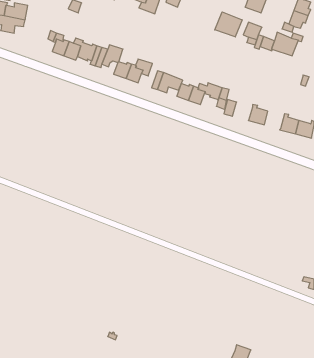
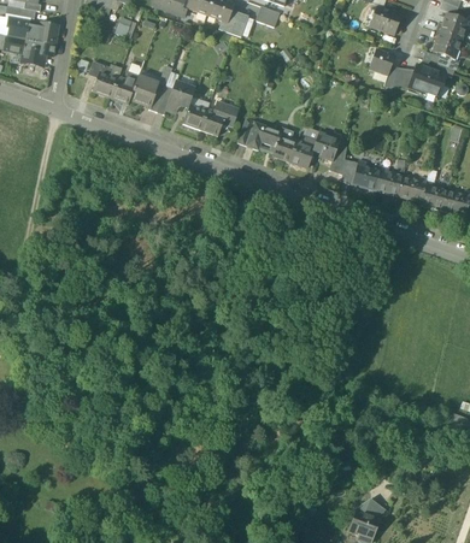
building: [215,12,242,37] -> none
building: none -> [352,159,381,189]
building: none -> [398,176,427,201]

